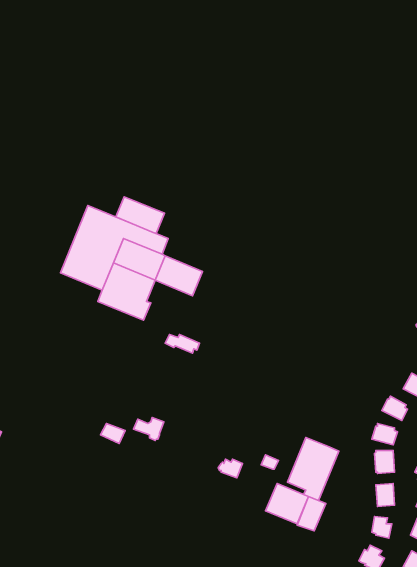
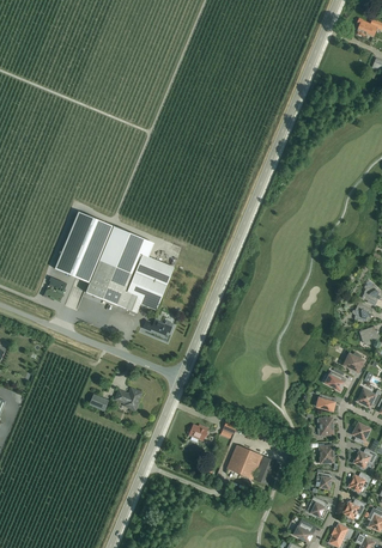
building: [116,197,164,233] -> none
building: none -> [125,274,165,312]
building: [287,437,339,500] -> none

